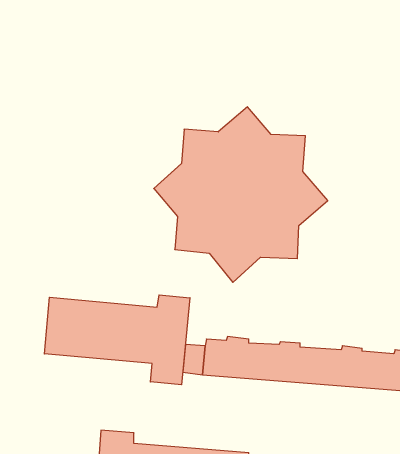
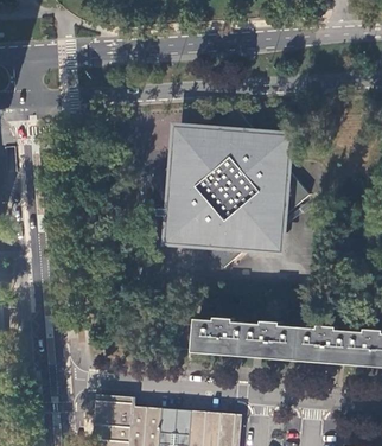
building: [44,295,190,385] -> none

